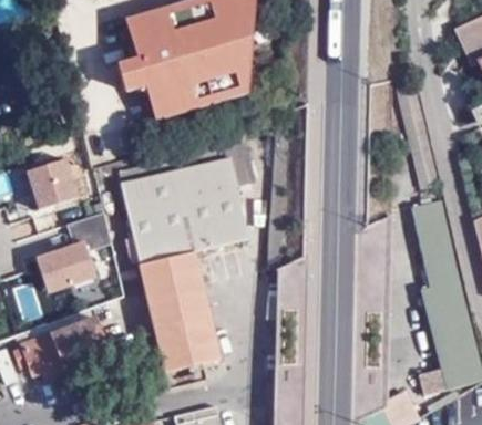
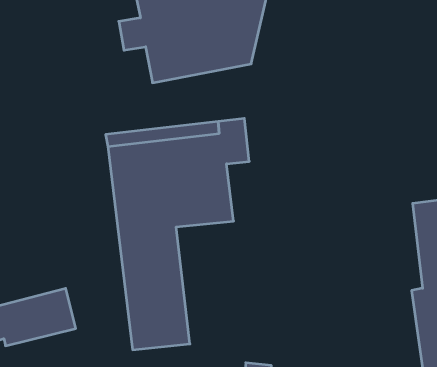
building: [25,158,78,210] -> none
building: [35,212,111,292] -> none

